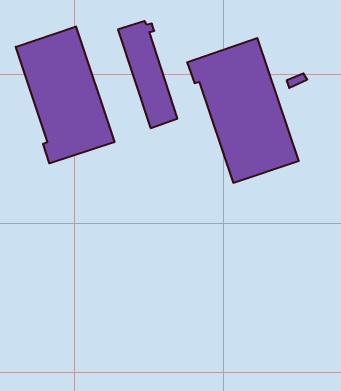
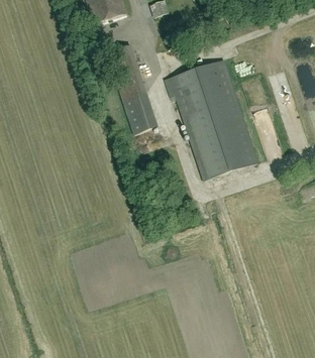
building: [16,26,114,163] -> none

